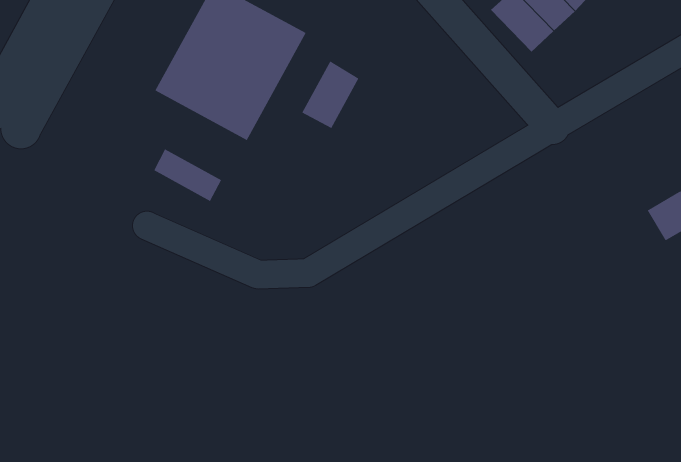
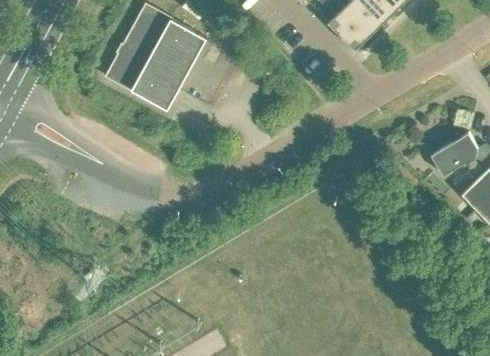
building: [301,61,359,129] -> none
building: [153,148,222,202] -> none

